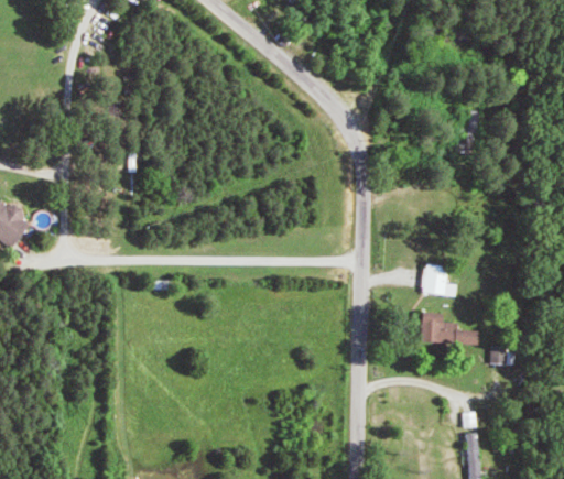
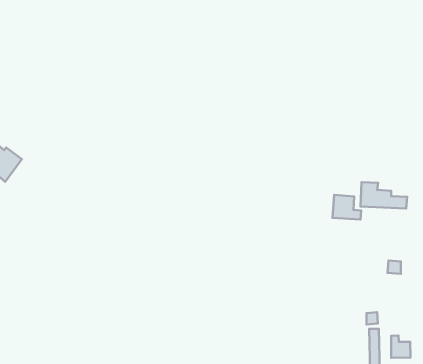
building: [420,312,478,345] -> [361,182,407,208]
building: none -> [391,336,411,358]

